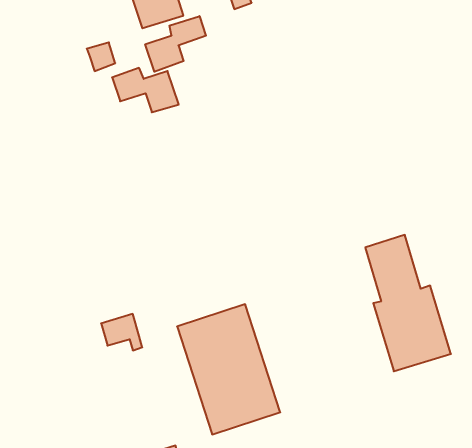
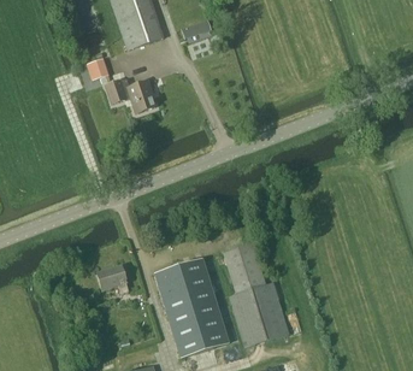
building: [145,16,206,72] -> none
building: [365,235,451,371] -> [223,242,288,346]

